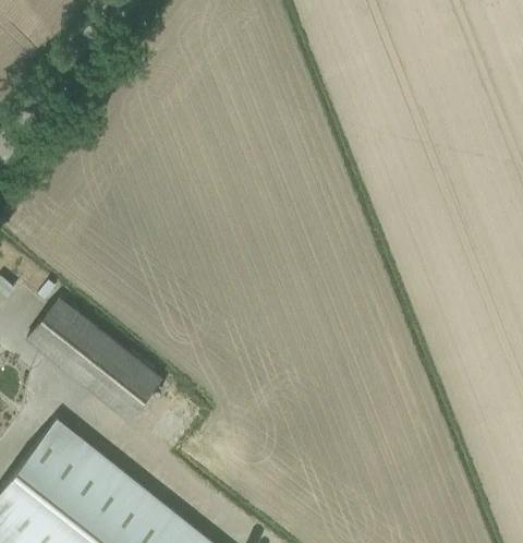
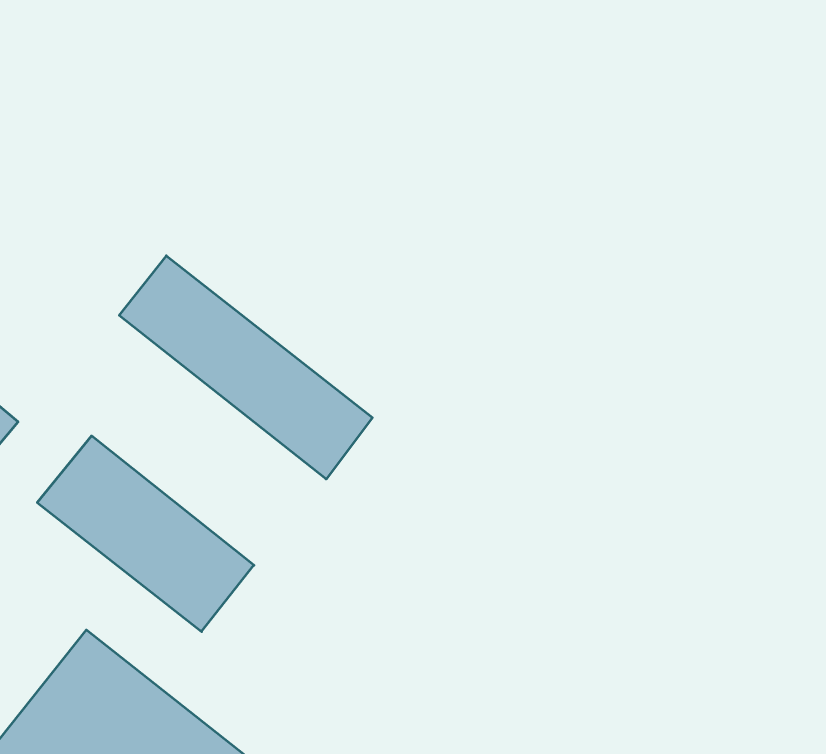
building: none -> [119,256,372,479]

